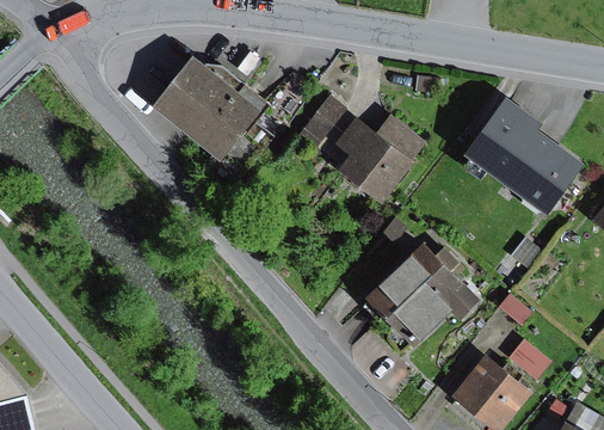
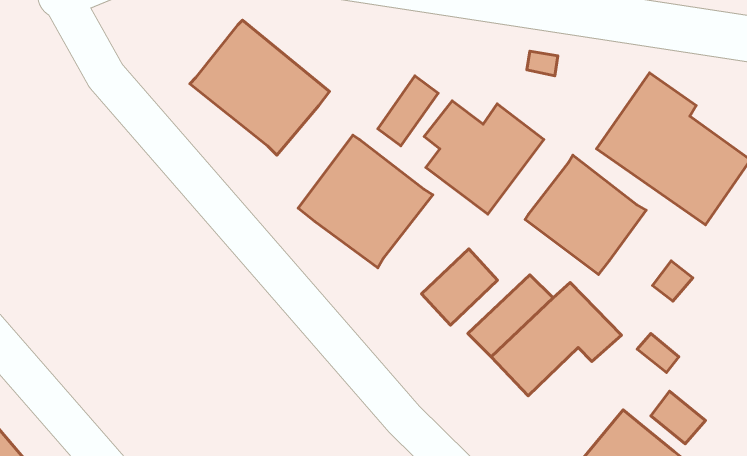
building: none -> [298,135,433,268]
building: none -> [525,155,646,274]
building: none -> [422,249,498,325]

